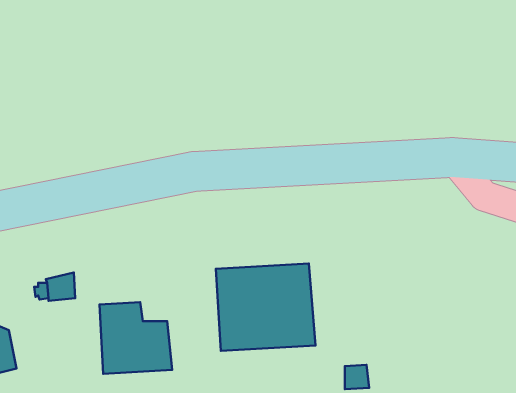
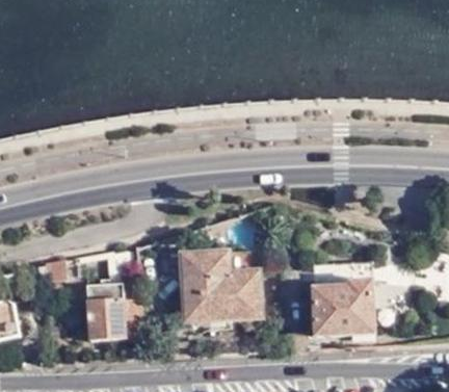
building: none -> [314,281,376,336]

